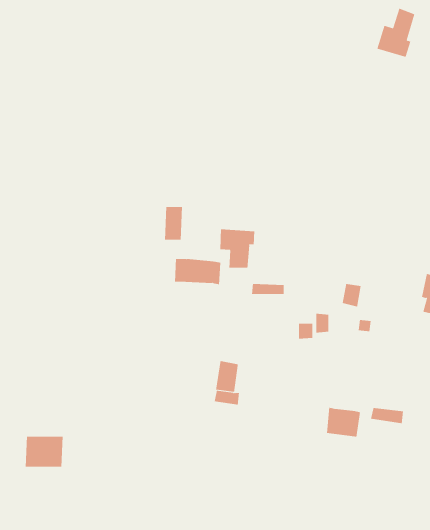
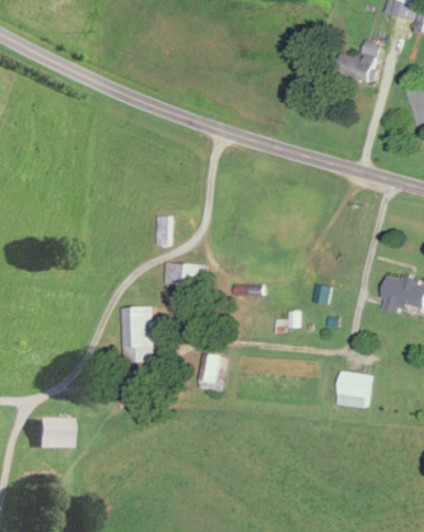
building: [220,229,255,268] -> none
building: none -> [122,306,153,363]
building: [326,407,361,437] -> [339,371,370,397]

